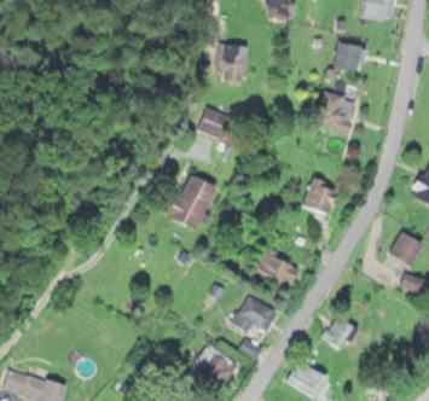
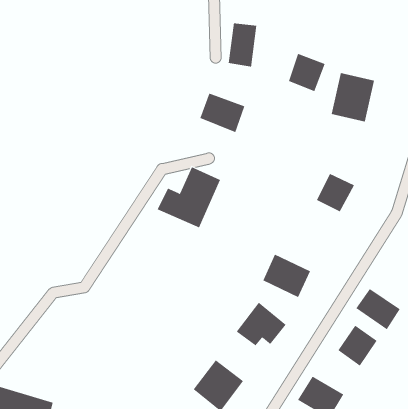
building: [332,40,366,75] -> [288,53,326,92]
building: none -> [355,288,400,330]

